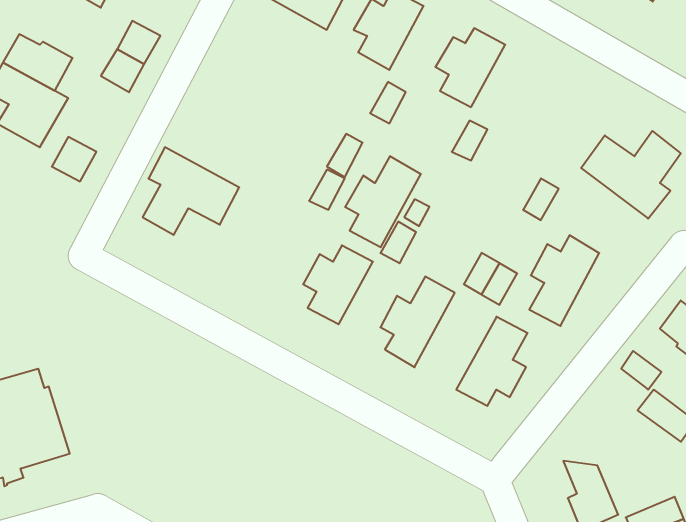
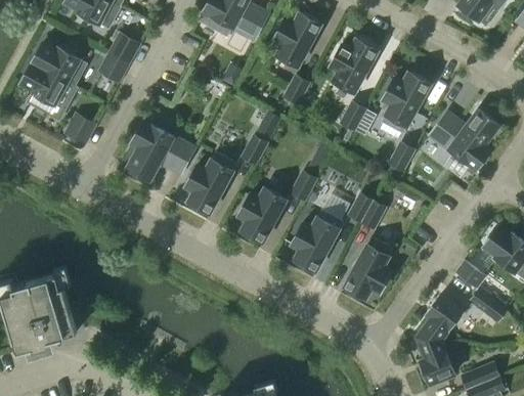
building: [345,156,421,247] -> [184,152,236,215]
building: [529,235,599,326] -> [381,73,429,135]
building: none -> [417,295,462,341]

